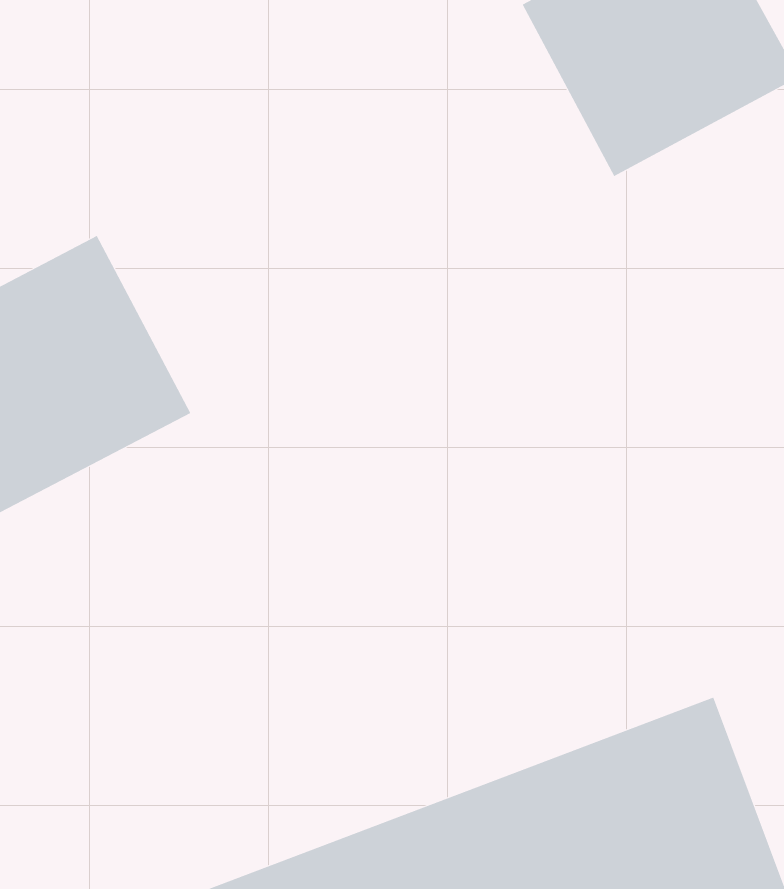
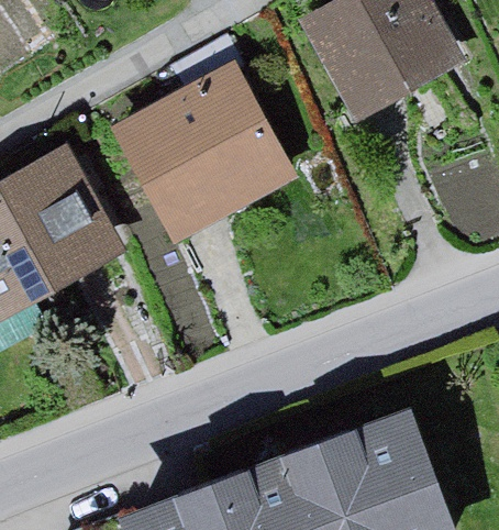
building: none -> [115,68,292,242]

